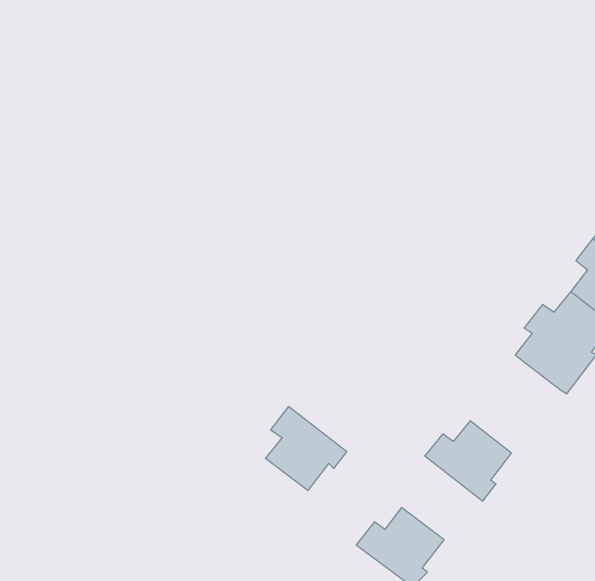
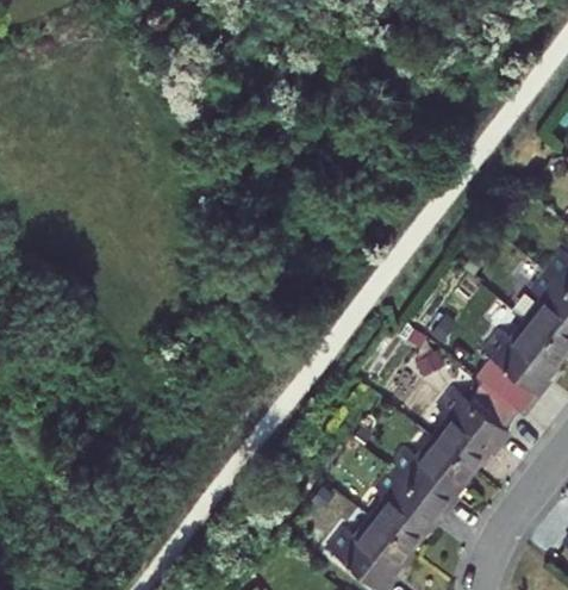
building: none -> [437,384,520,470]
building: [265,407,347,491] -> [374,472,449,549]

